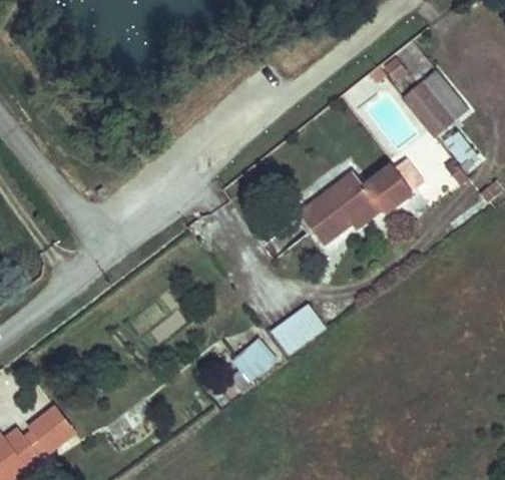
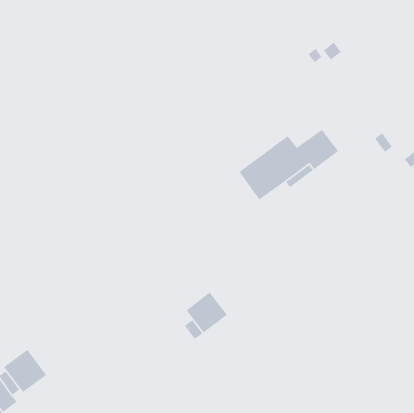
building: [402,71,470,141] -> none
building: [272,303,330,357] -> none

